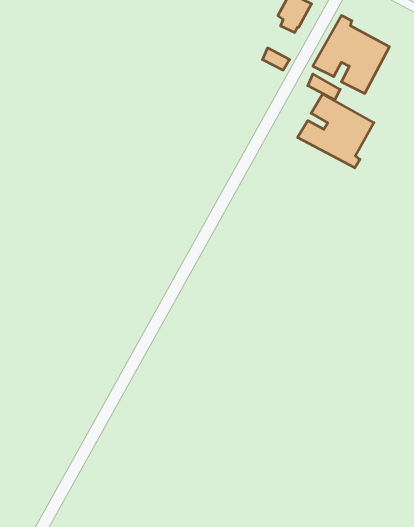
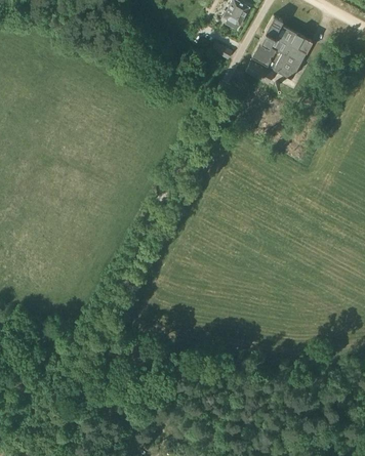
building: [298,94,374,168] -> none

